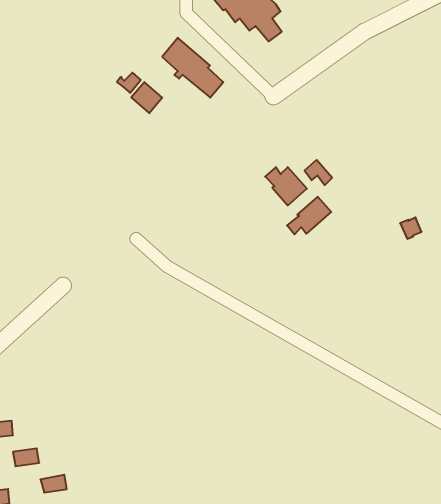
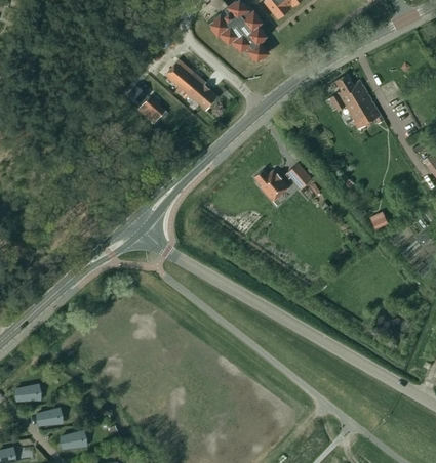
building: none -> [330,75,383,130]
building: [287,197,331,234] -> none

